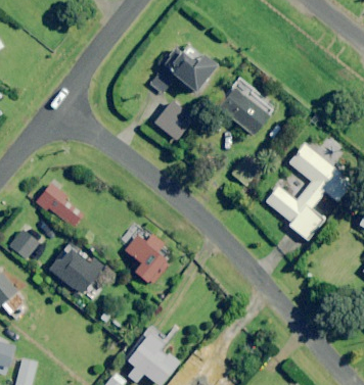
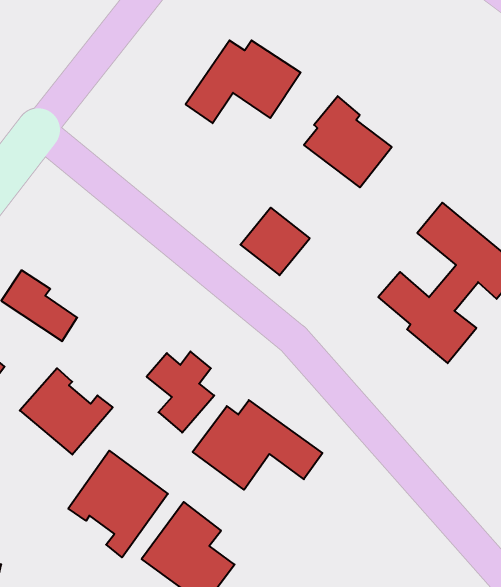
building: [152,101,194,142] -> [240,208,310,275]
building: none -> [193,400,322,490]
building: none -> [68,451,168,557]

